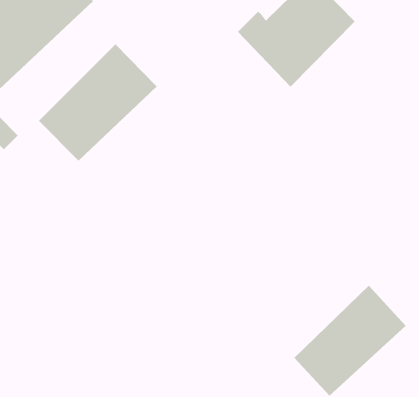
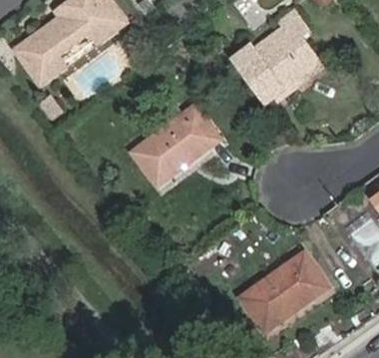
building: [38,43,157,161] -> [129,103,219,185]

